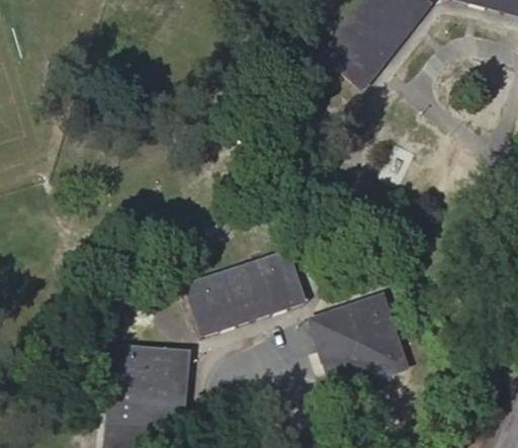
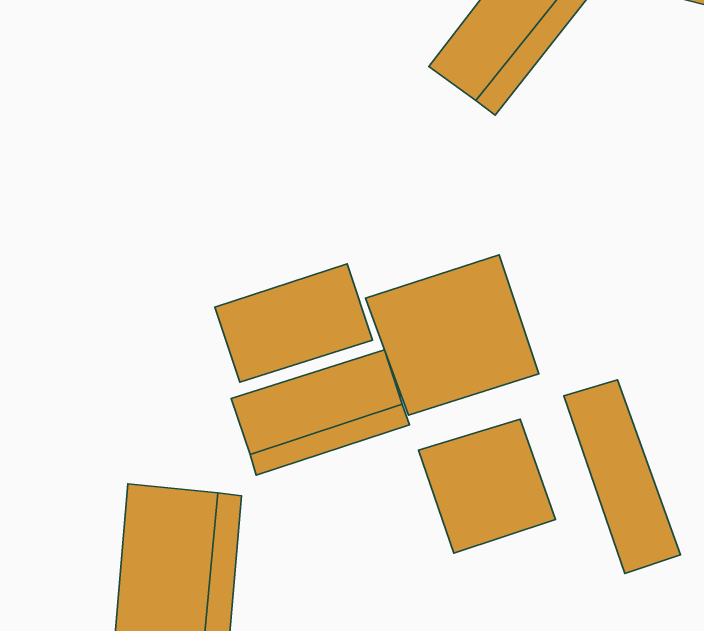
building: none -> [366,255,539,415]
building: none -> [215,264,372,382]
building: none -> [564,380,681,573]

